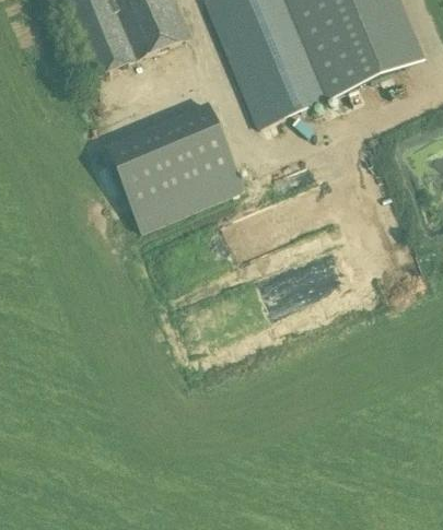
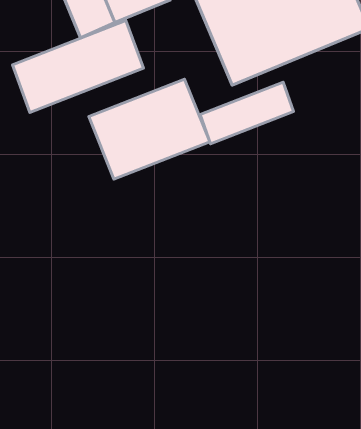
building: none -> [12,21,143,112]
building: none -> [200,82,294,144]

